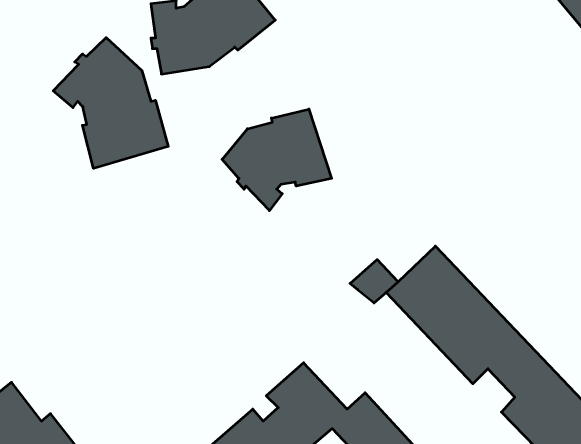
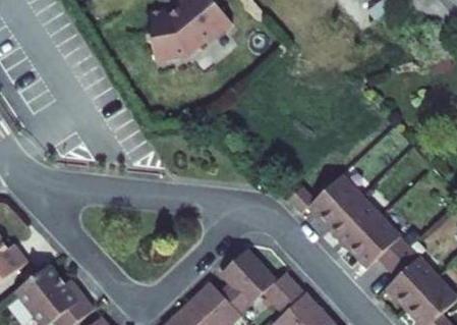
building: [53,38,168,168] -> none
building: [222,109,332,211] -> none

